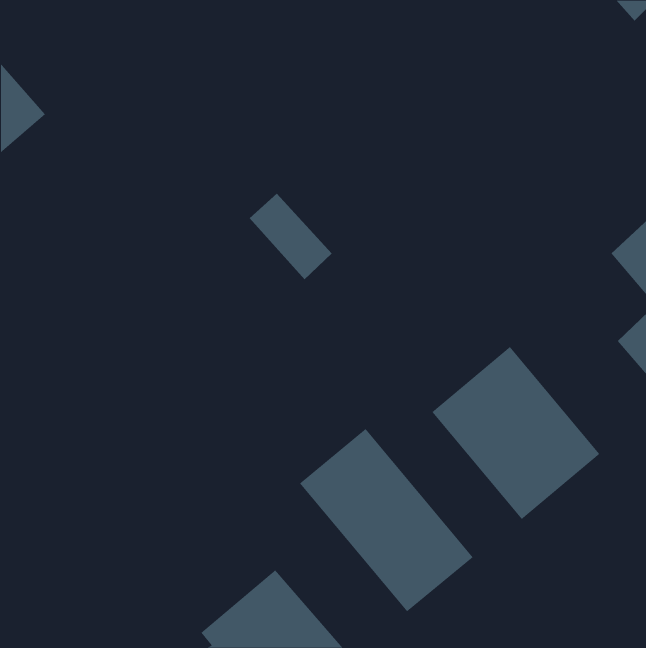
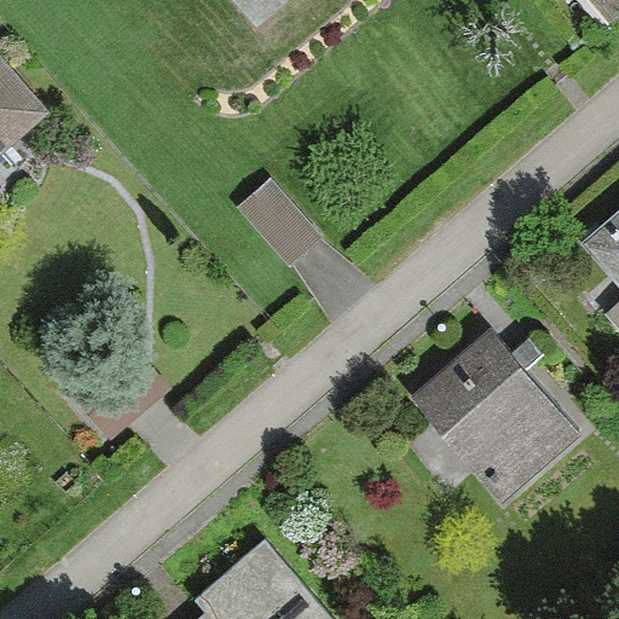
building: [299,428,473,612] -> none

